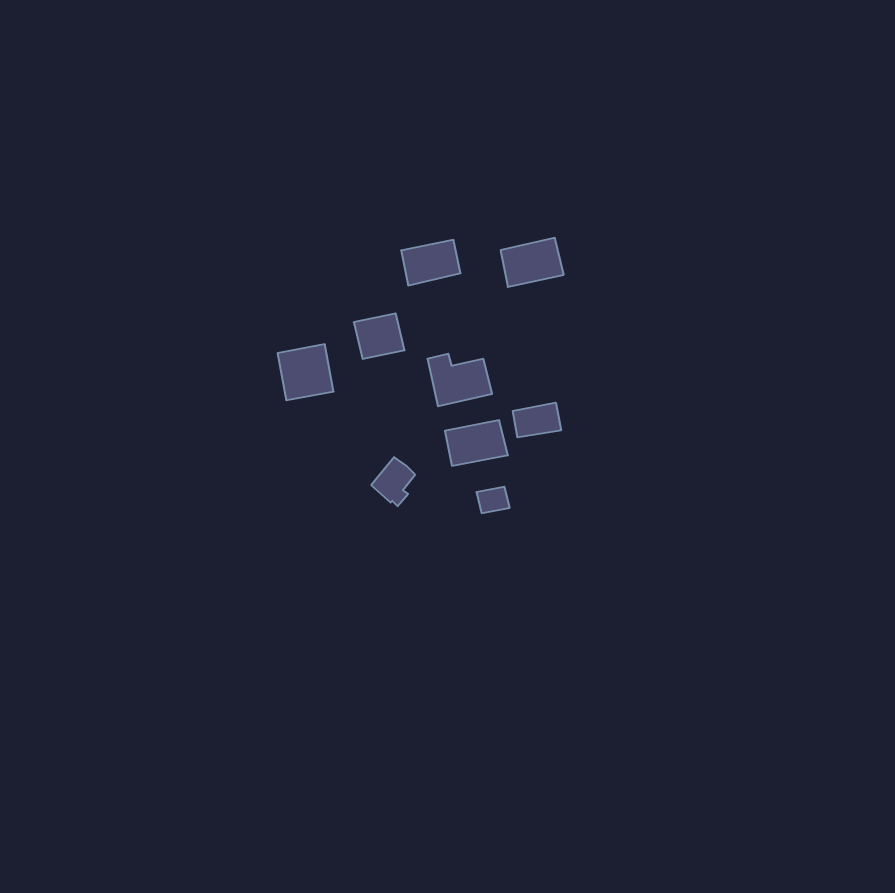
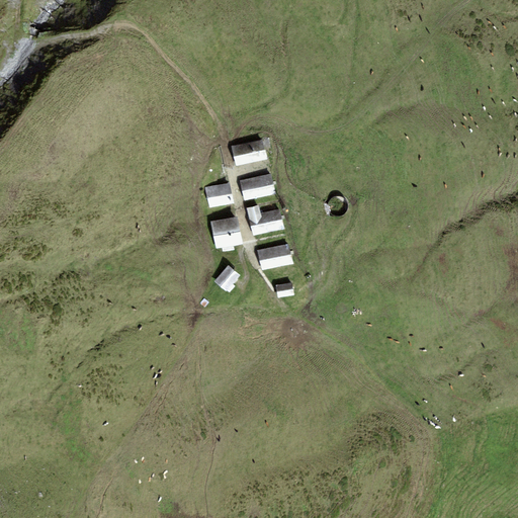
building: [501,238,564,287] -> [240,172,276,200]
building: [278,344,334,400] -> [210,215,243,248]
building: [513,403,561,437] -> none

